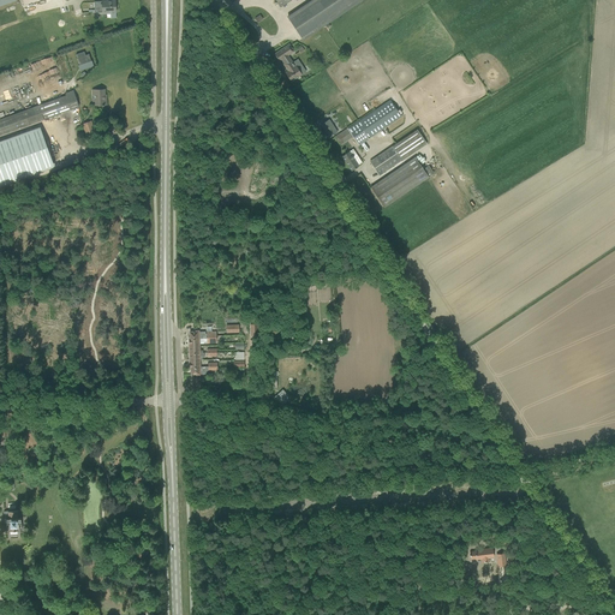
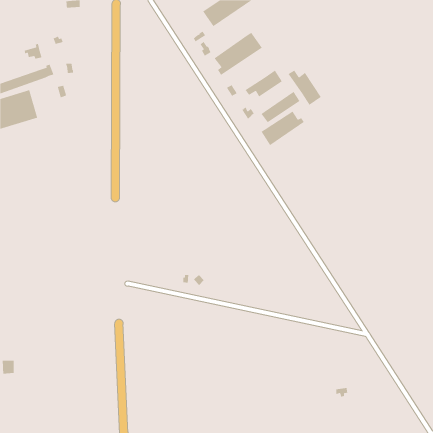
building: none -> [214,32,263,76]
building: none -> [288,70,322,106]

